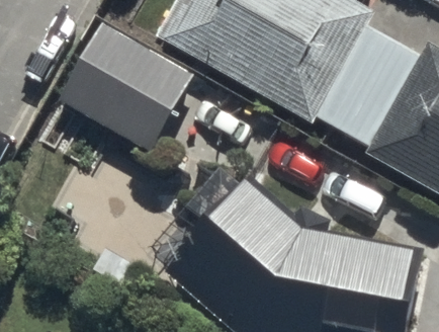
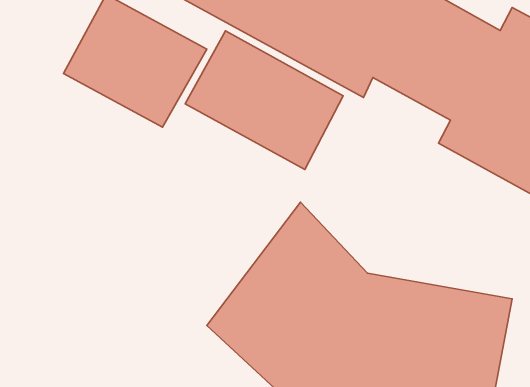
building: none -> [185,31,343,169]

